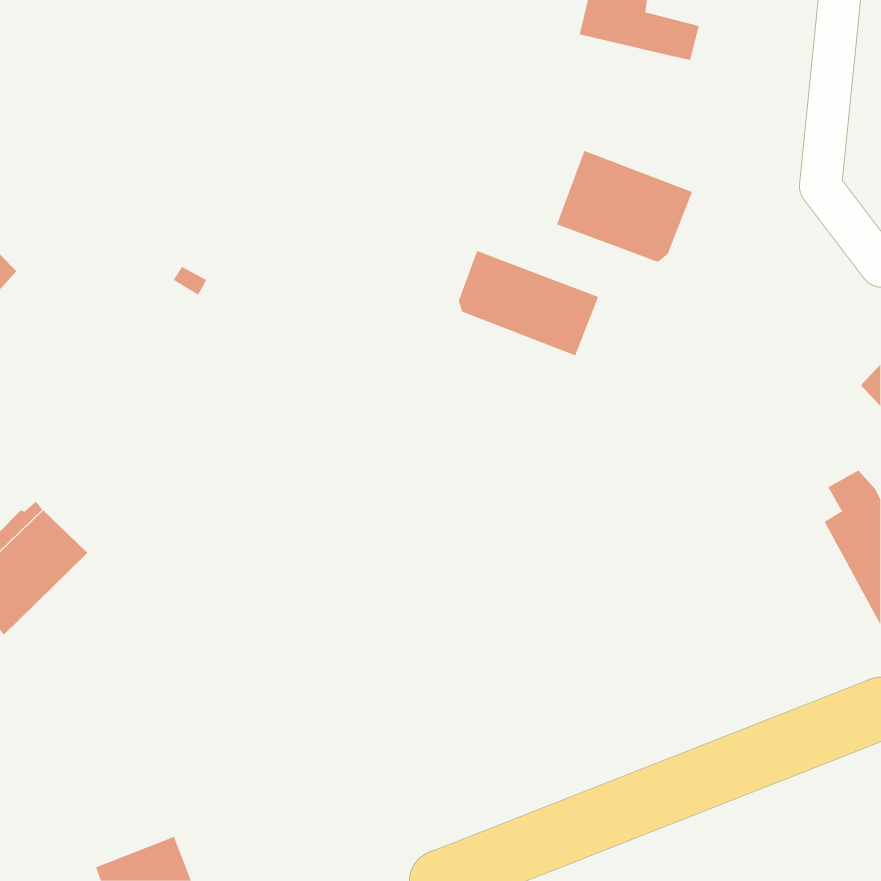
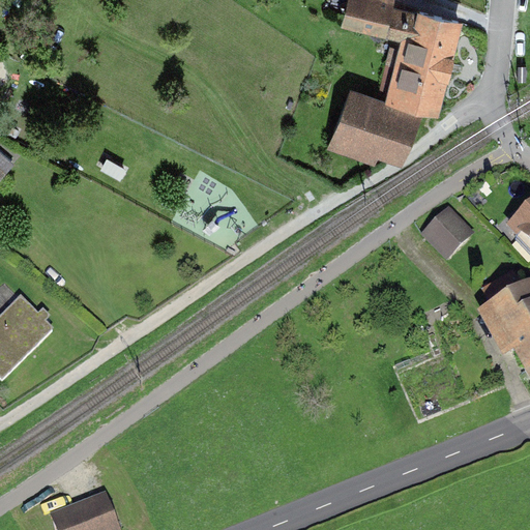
building: none -> [389,11,459,108]
building: [458,250,599,356] -> none
building: none -> [426,213,470,258]

